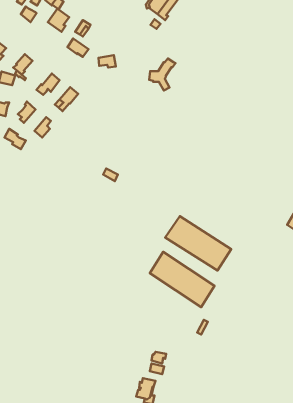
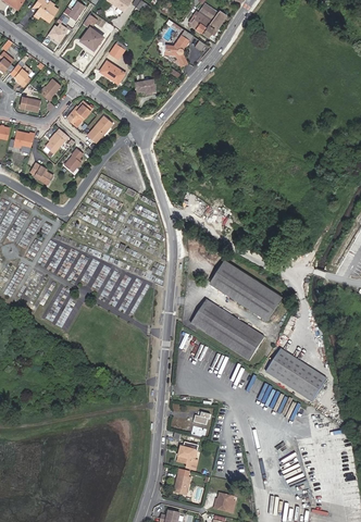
building: [149,58,175,90] -> [164,30,194,66]
building: none -> [266,349,328,402]

